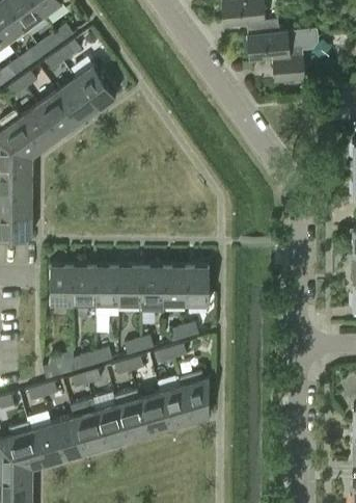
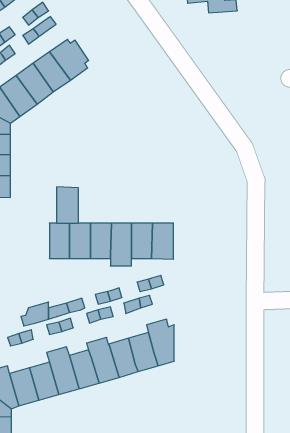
building: [247,30,318,83] -> none
building: [50,265,74,305] -> [57,187,78,223]

